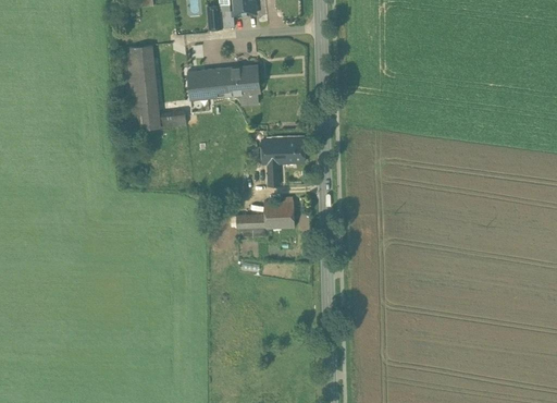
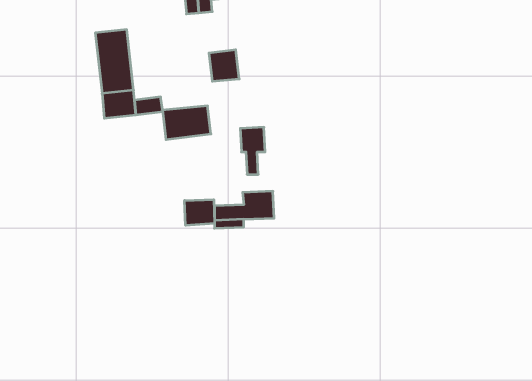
building: [188,66,235,99] -> [163,106,211,140]
building: [285,137,305,162] -> none
building: none -> [185,200,214,225]

